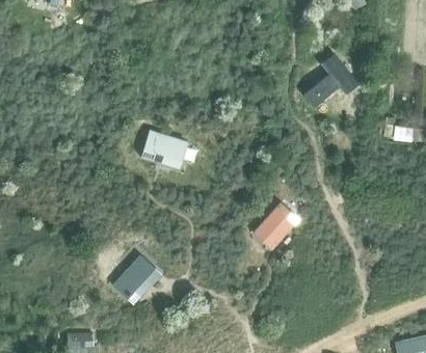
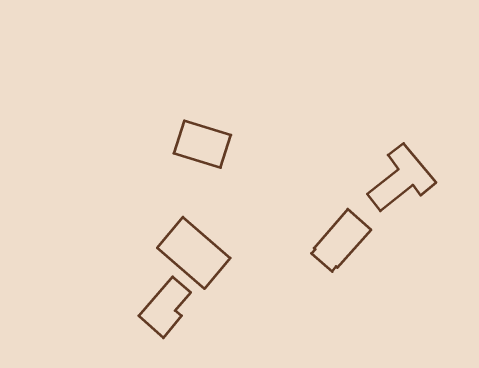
building: [302,52,357,106] -> [367,143,436,211]
building: none -> [157,217,230,289]

